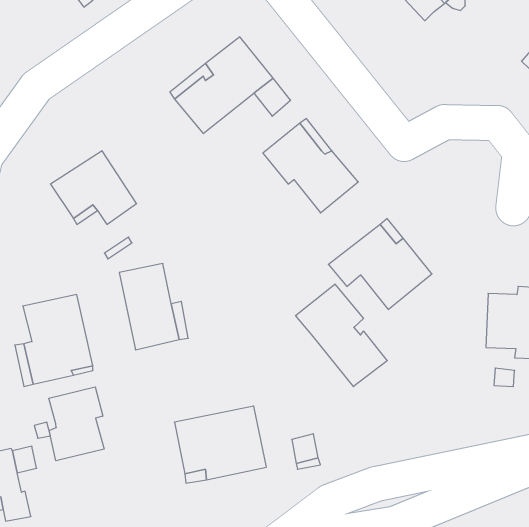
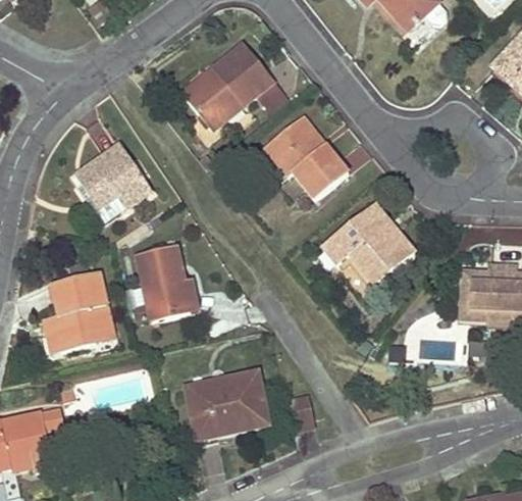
building: [296,284,387,387] -> none
building: [49,387,104,461] -> none

